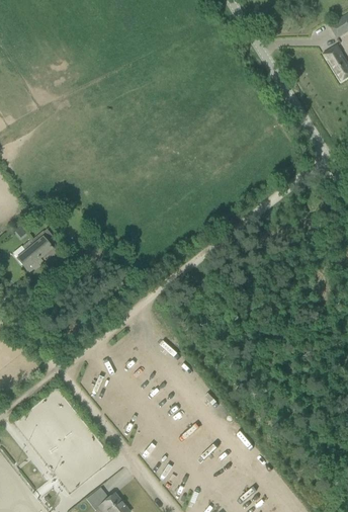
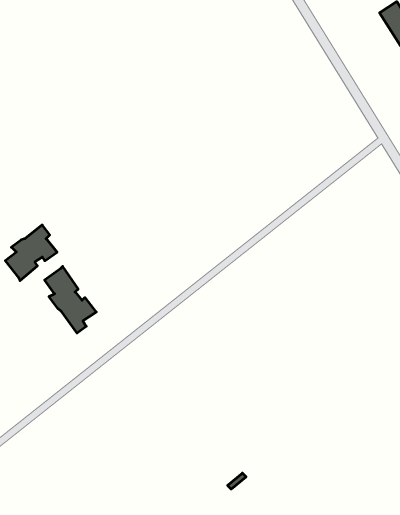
building: none -> [45,266,96,333]

